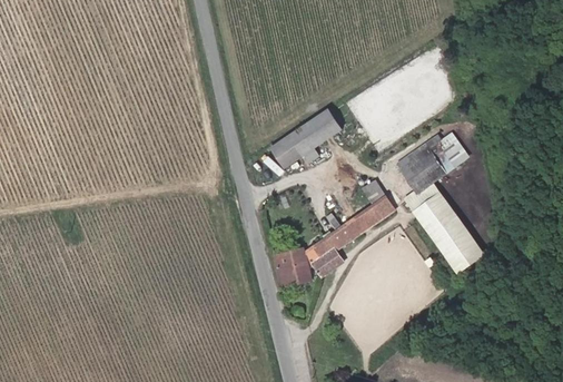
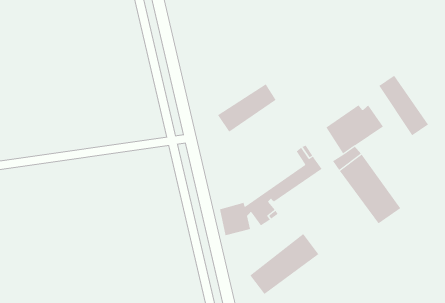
building: none -> [379,75,429,136]
building: none -> [249,233,319,295]

